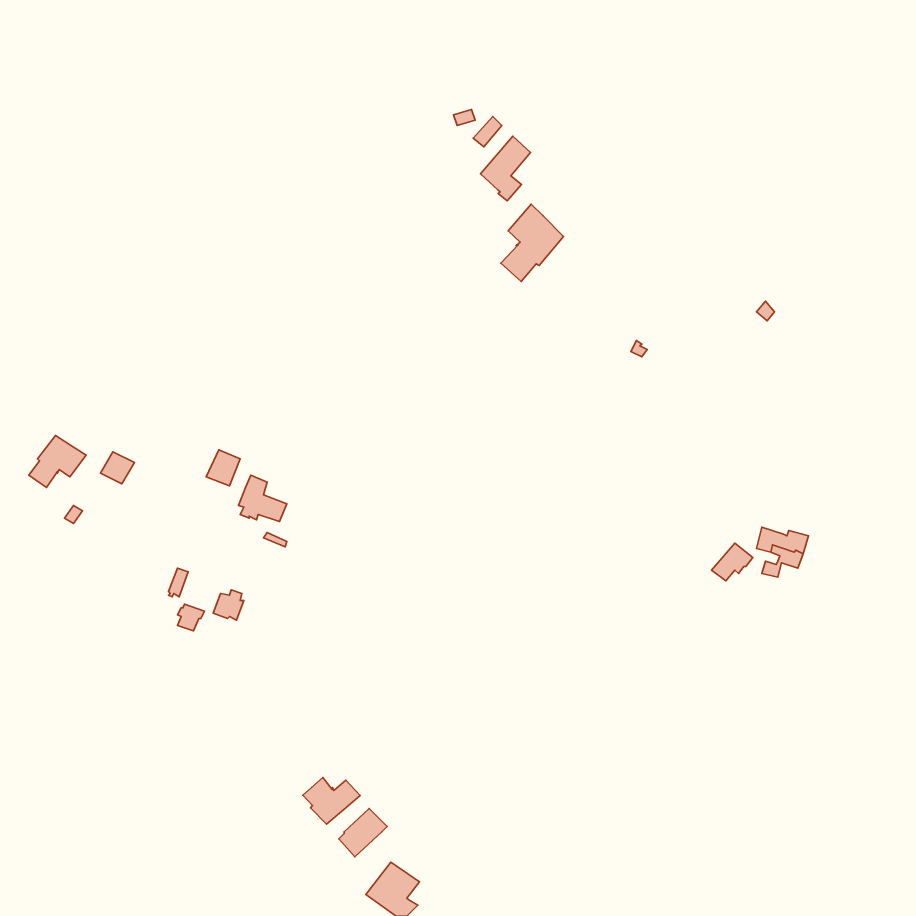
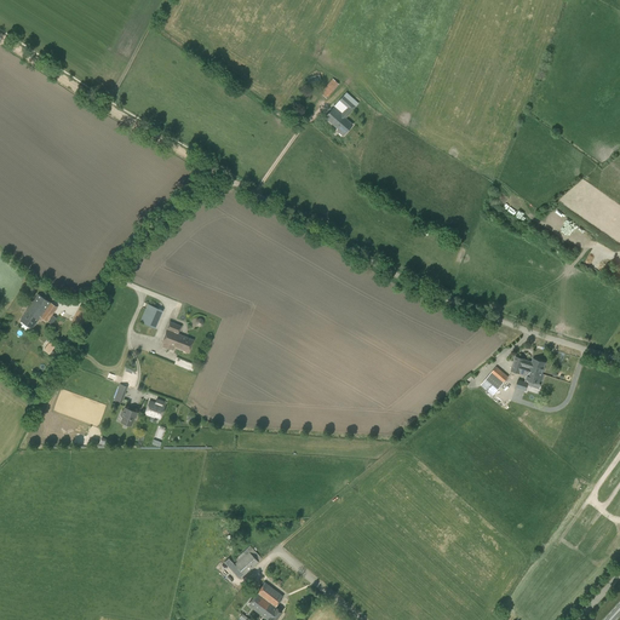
building: [501,204,563,282] -> none
building: [303,777,360,824] -> none

